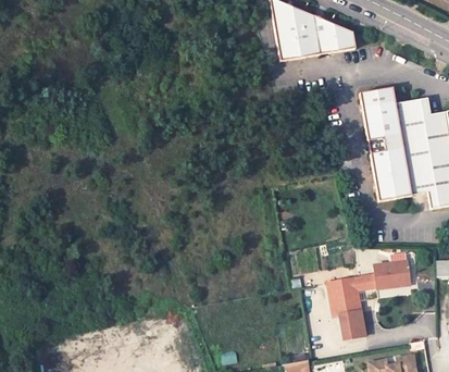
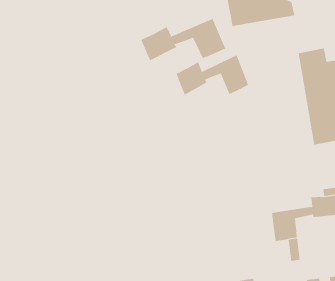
building: none -> [141,18,226,61]
building: none -> [176,54,249,96]

